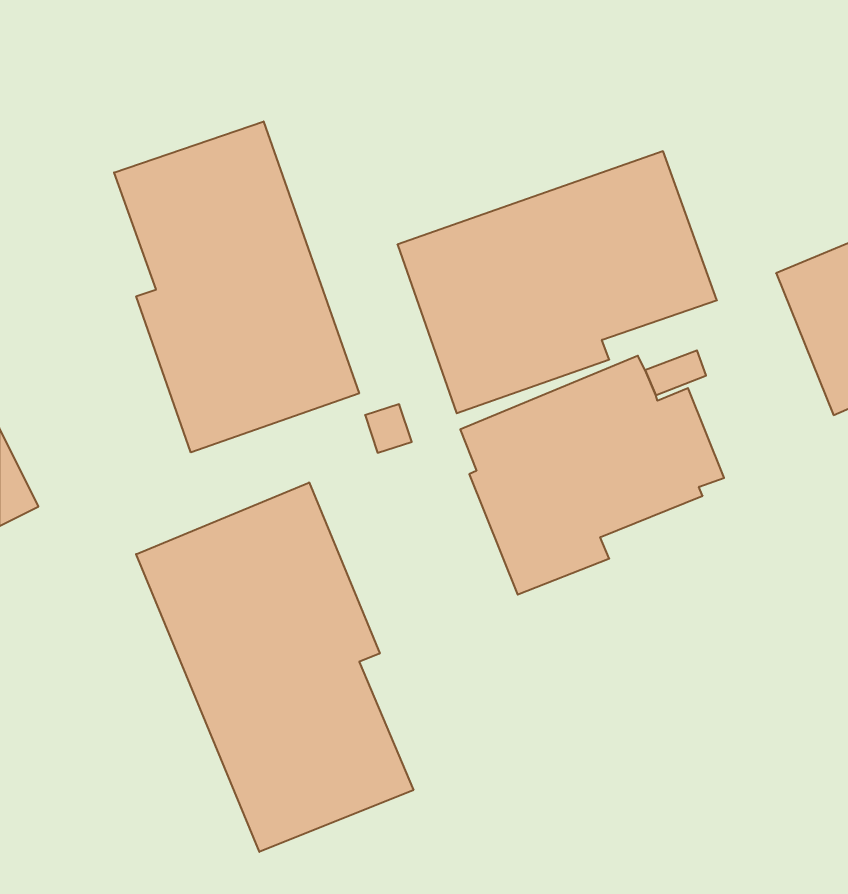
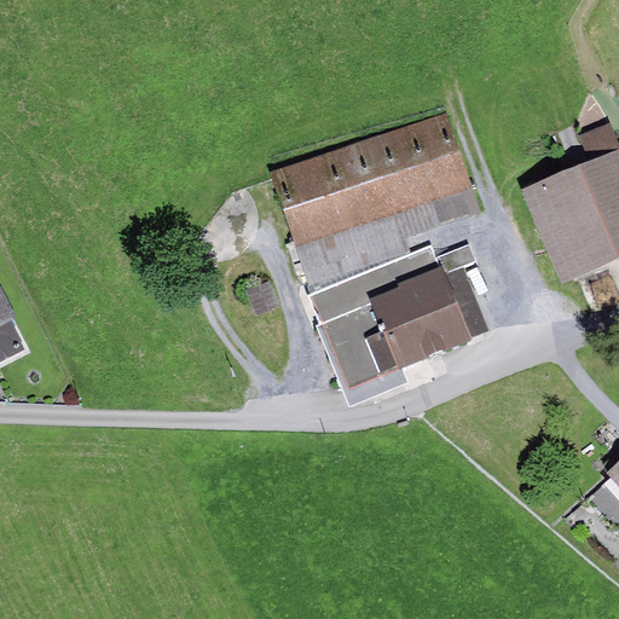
building: [114,121,359,452] -> none
building: [136,482,413,852] -> none

